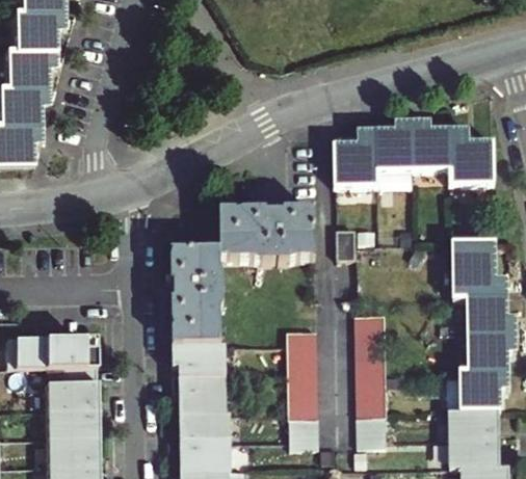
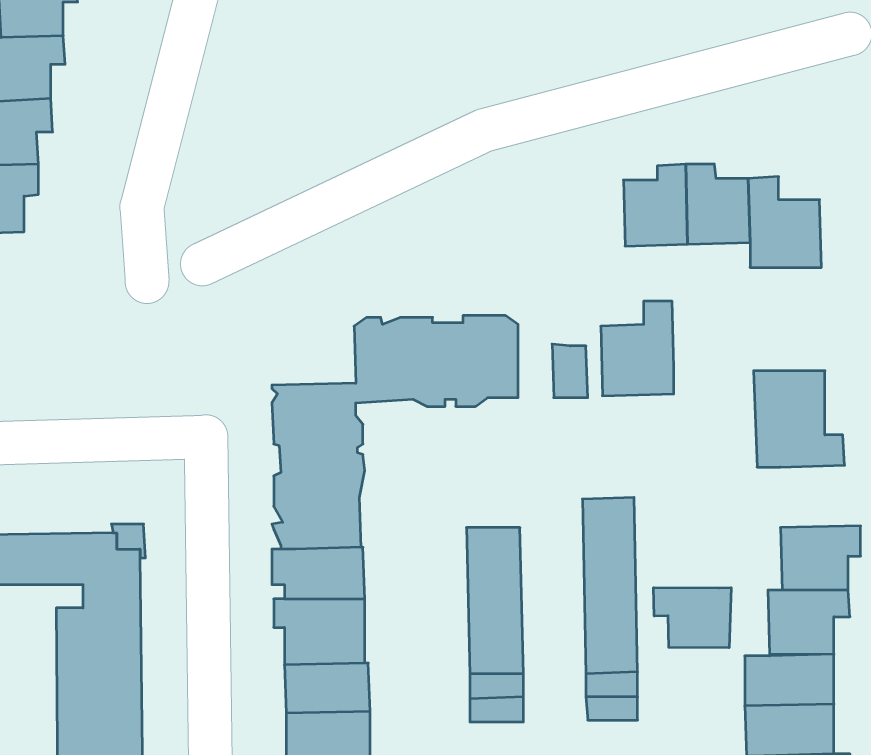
building: [336,132,378,187] -> [601,301,674,396]
building: [469,298,516,335] -> none
building: none -> [654,588,731,648]

